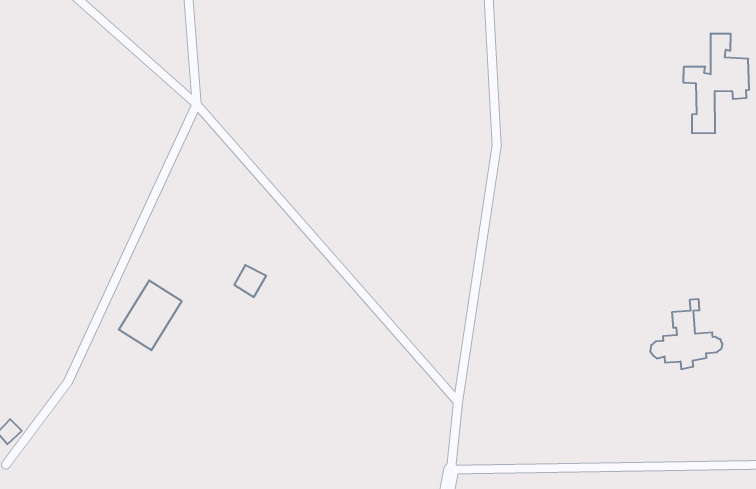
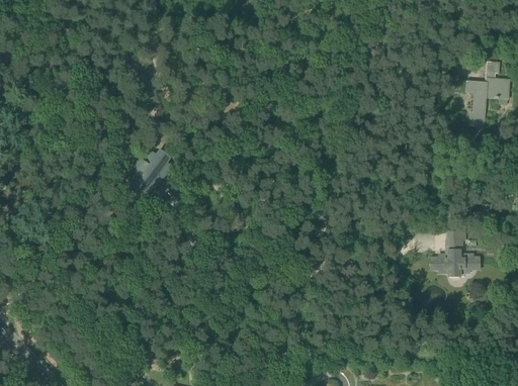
building: [119,280,182,350] -> [128,151,171,196]

